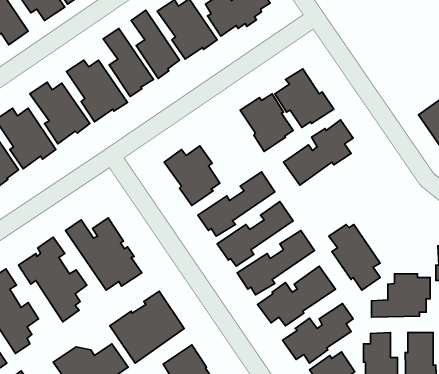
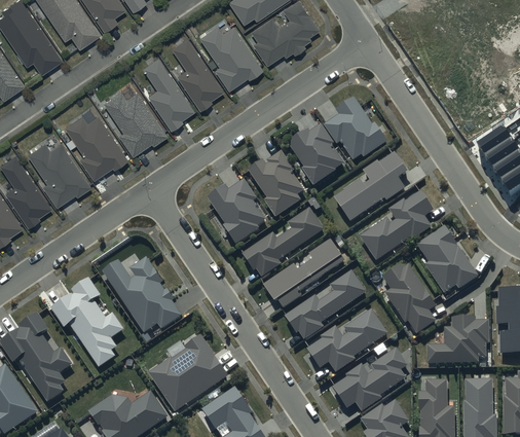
building: none -> [248,151,304,218]
building: none -> [360,191,434,261]
building: none -> [416,226,478,294]

